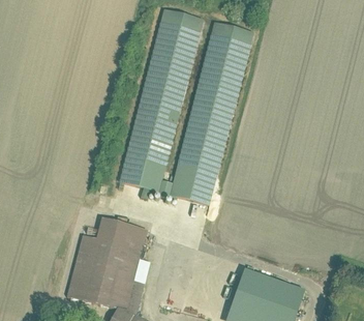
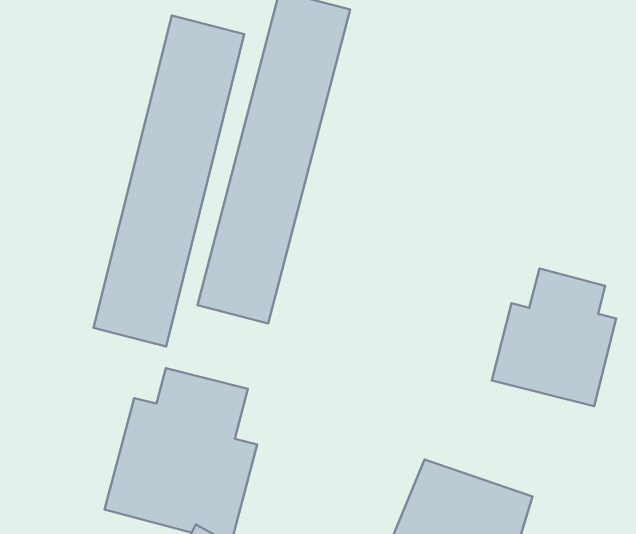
building: [171,21,254,205] -> [94,15,244,346]
building: none -> [492,269,616,406]

